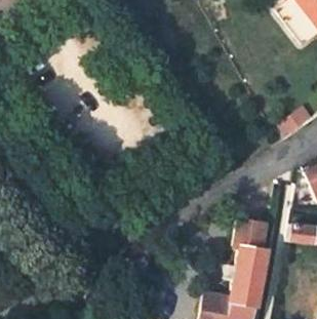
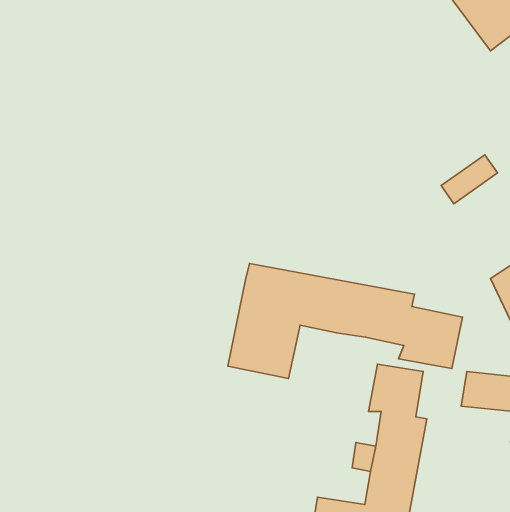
building: none -> [228,264,462,378]

